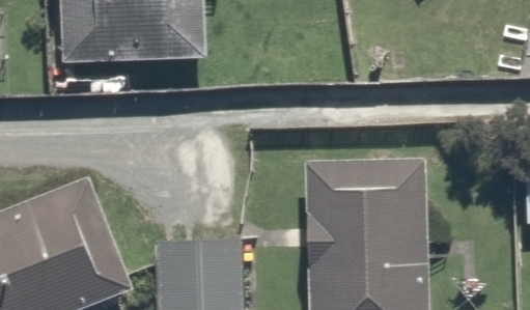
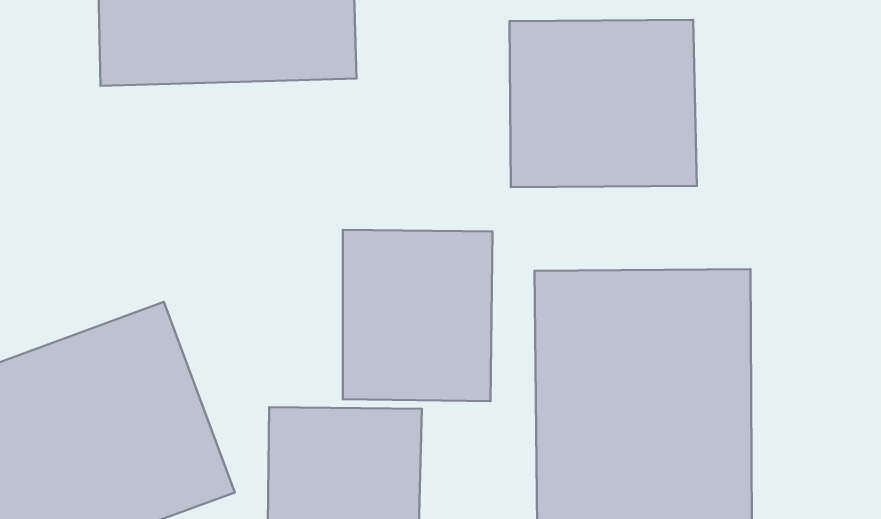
building: none -> [509,20,697,187]
building: none -> [343,230,492,401]

